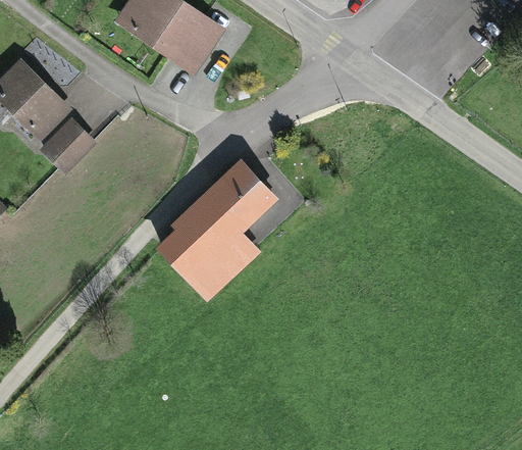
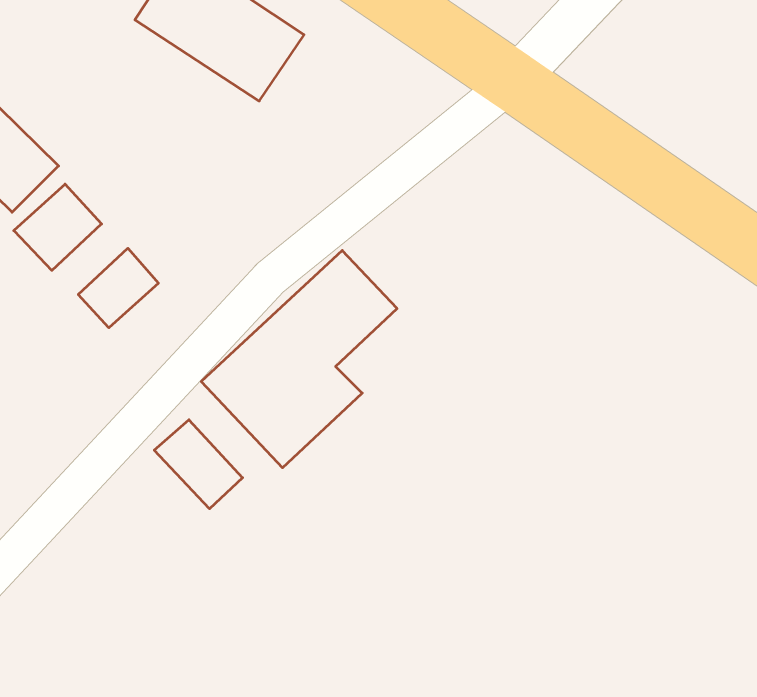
building: none -> [78,248,158,328]
building: none -> [154,420,243,509]

